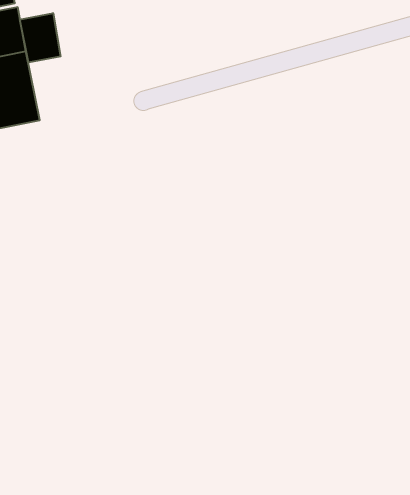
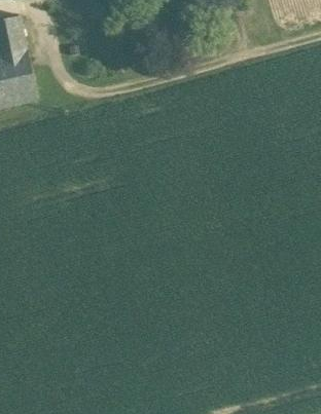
building: [20,13,61,62] -> none

